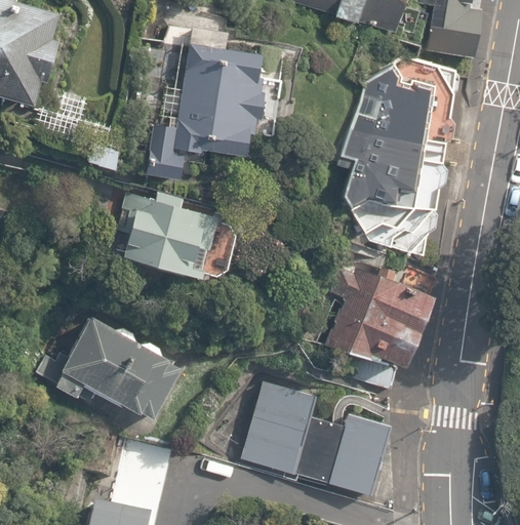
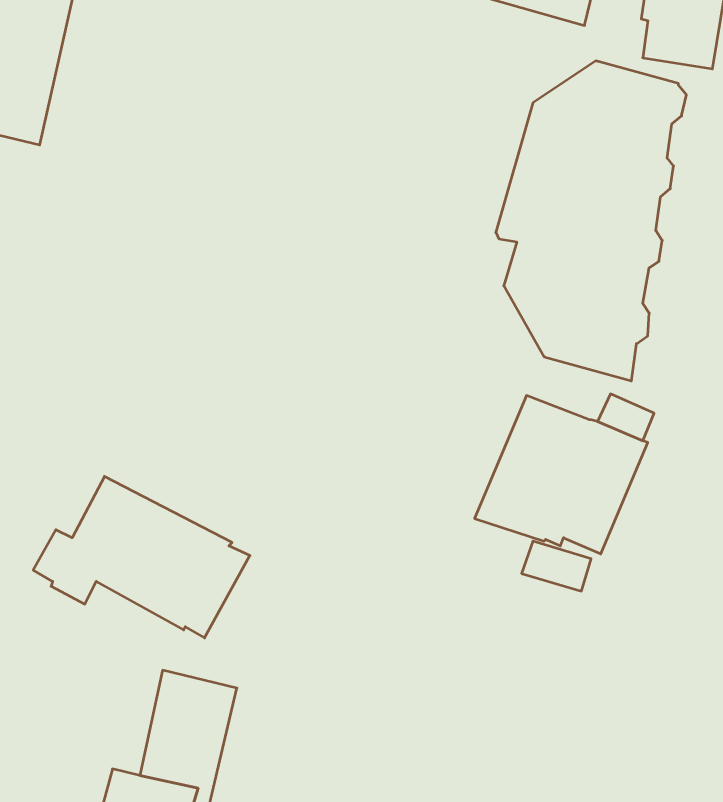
building: [146,43,265,180] -> none
building: [116,191,218,279] -> none
building: [240,381,391,495] -> none

